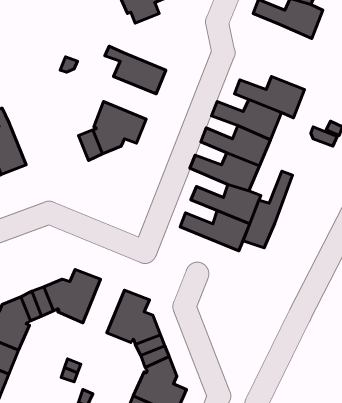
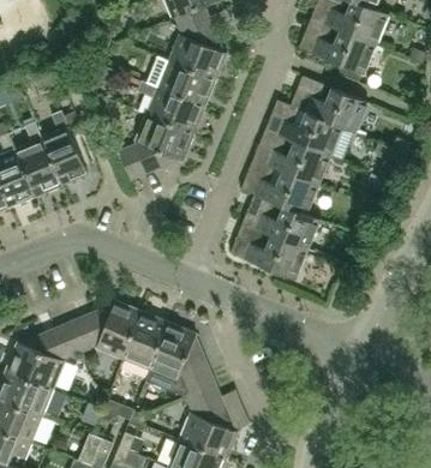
building: none -> [168,18,226,80]
building: none -> [299,30,376,74]
building: none -> [137,80,204,134]
building: none -> [42,110,88,185]
building: [243,171,293,248] -> none
building: none -> [124,311,169,370]

